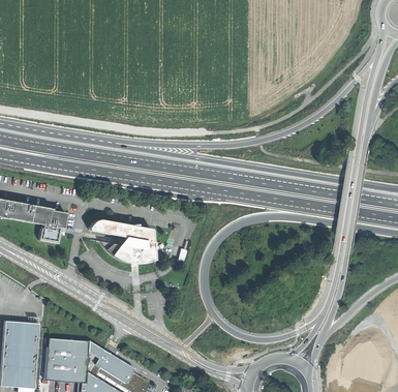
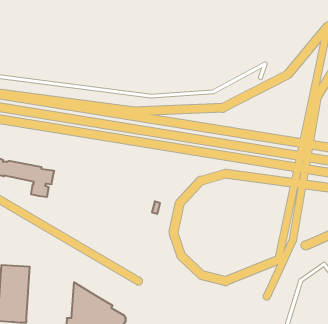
building: [89,219,156,264] -> none
building: [45,338,89,383] -> none

